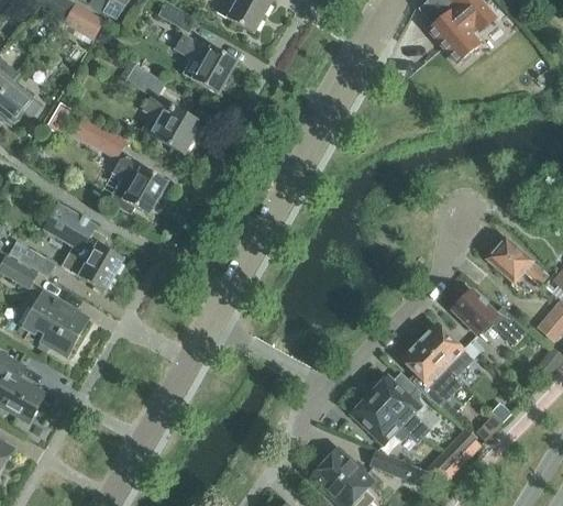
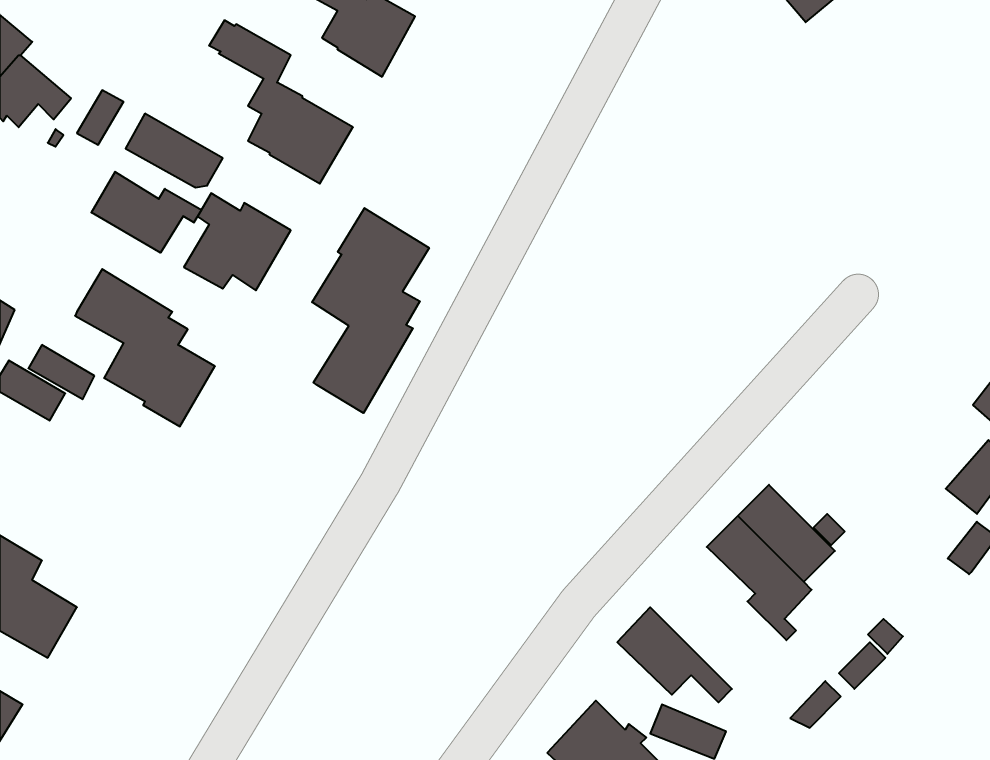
building: none -> [91,172,201,253]
building: none -> [312,208,429,413]
building: [486,237,548,284] -> none
building: [452,288,528,347] -> none
building: [25,293,88,353] -> none
building: [369,372,423,440] -> none

